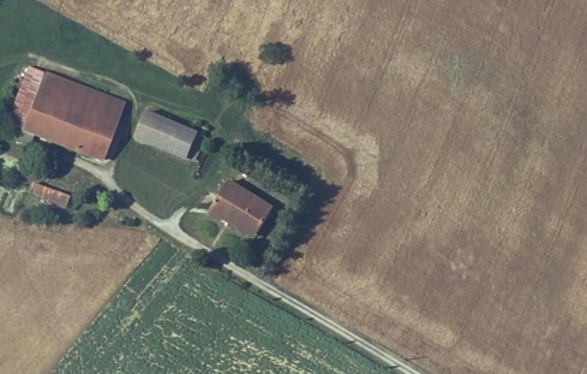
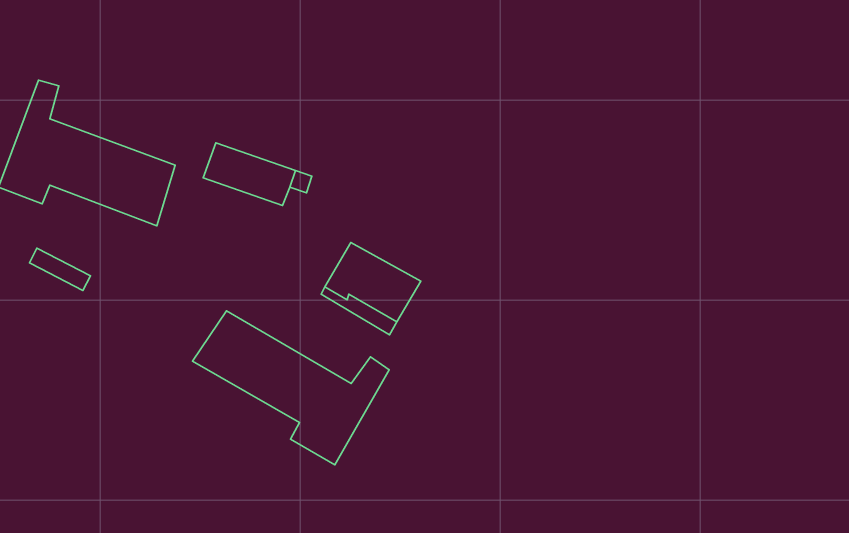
building: [35,72,124,124] -> none
building: none -> [192,311,389,465]

